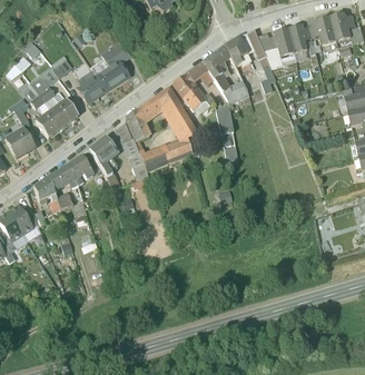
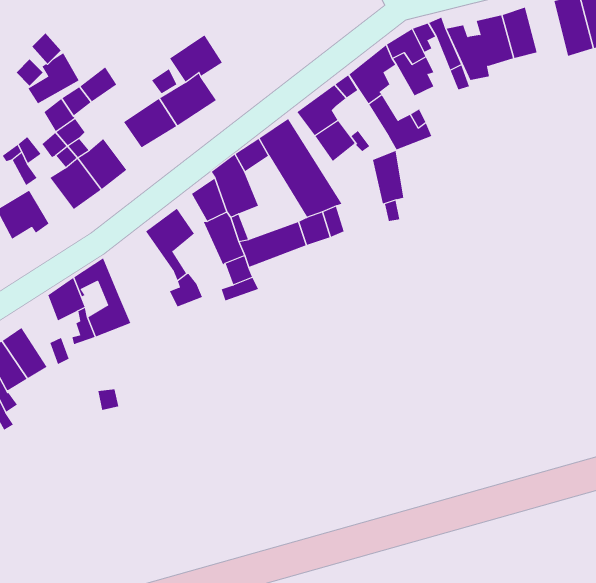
building: [66,154,93,185] -> none

